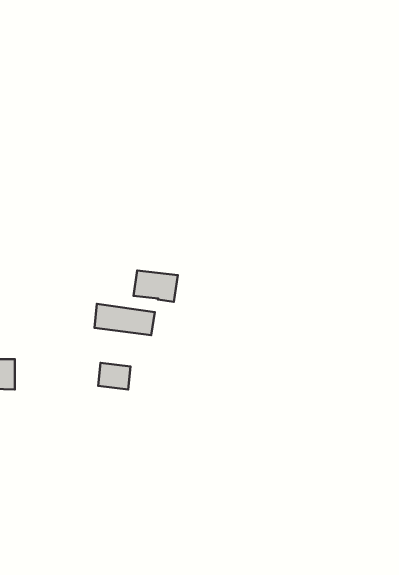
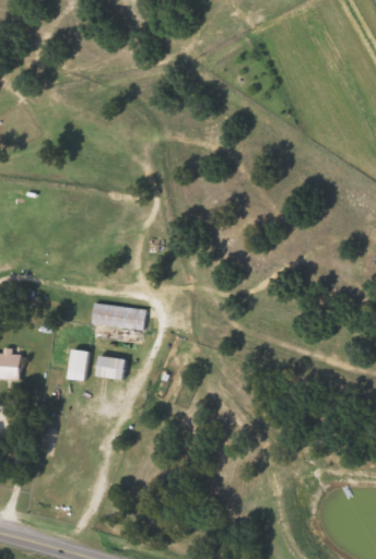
building: [133,270,178,302] -> none
building: none -> [67,349,89,382]

